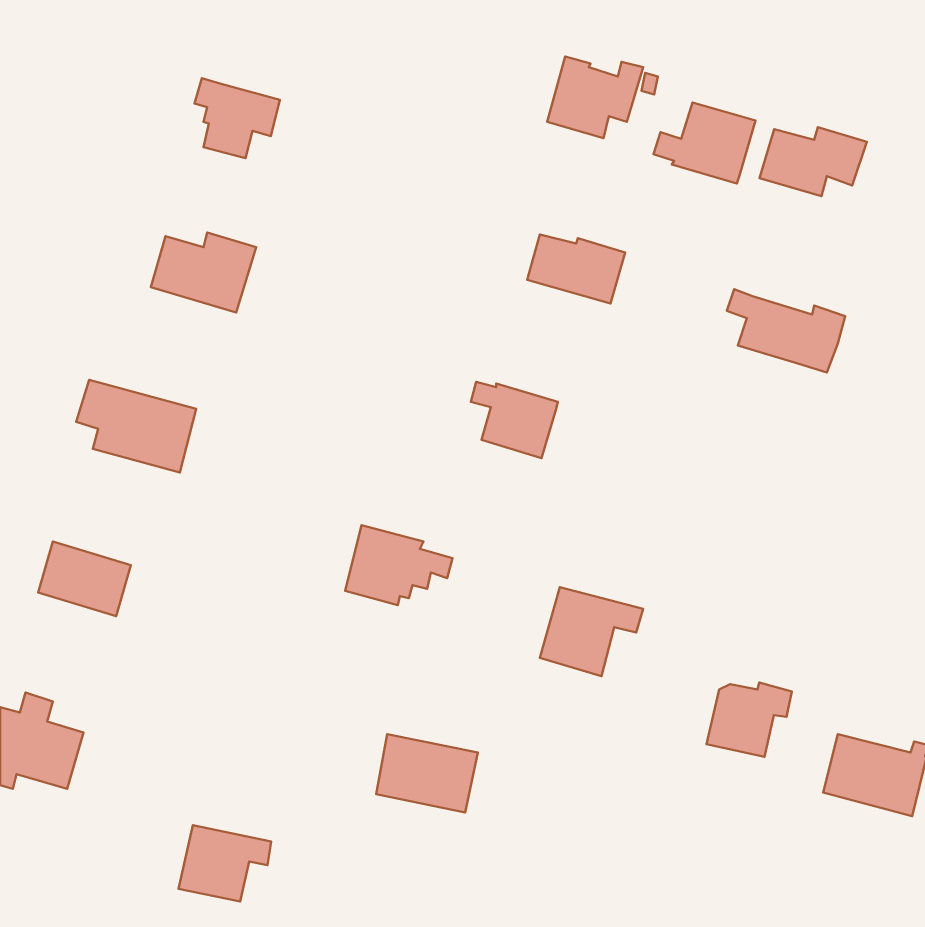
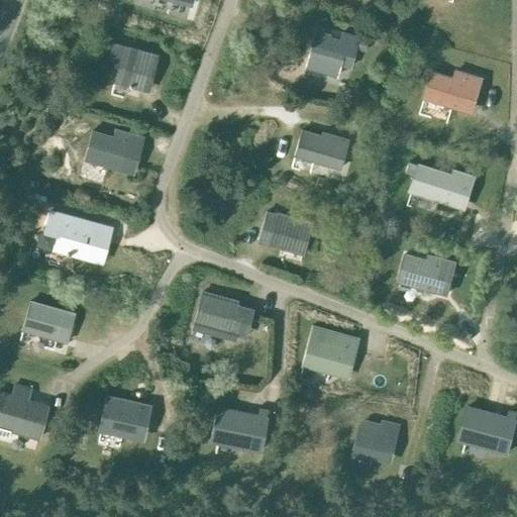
building: [653,102,756,184] -> none
building: none -> [399,255,456,296]
building: [706,682,792,757] -> [353,421,401,462]
building: [178,825,271,902] -> [99,397,150,439]

